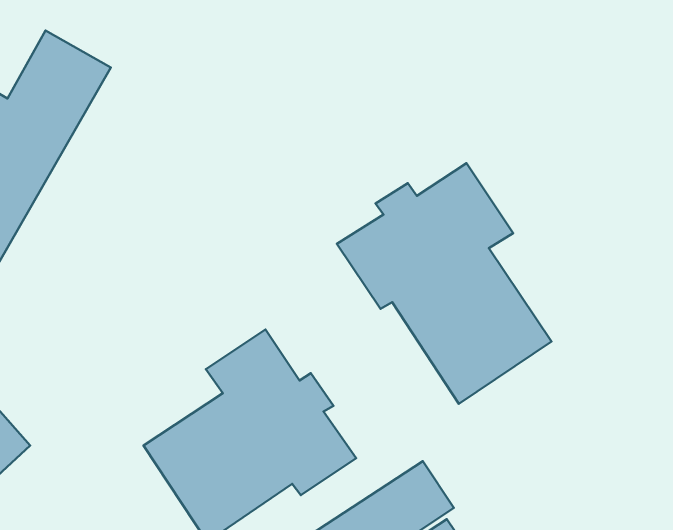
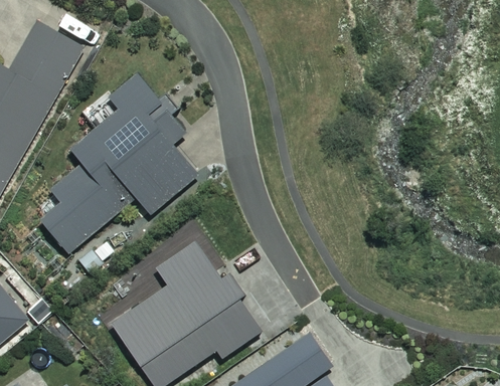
building: none -> [43,76,199,256]
building: [337,163,552,404] -> none

